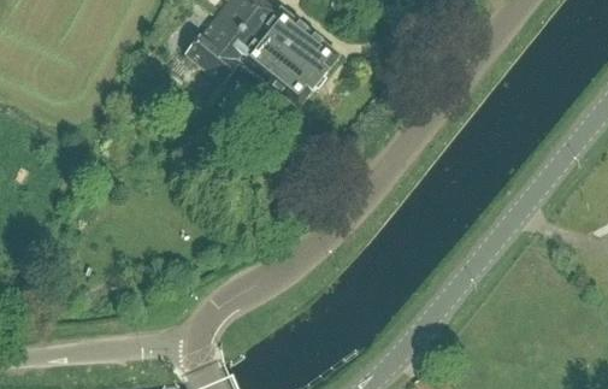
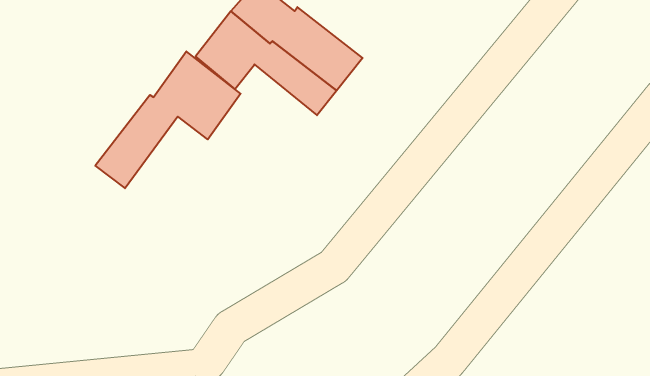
building: none -> [95,51,241,188]

